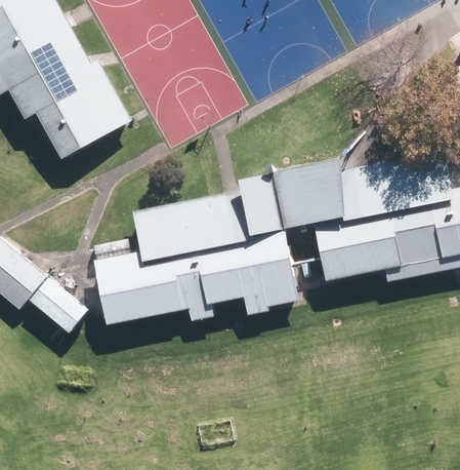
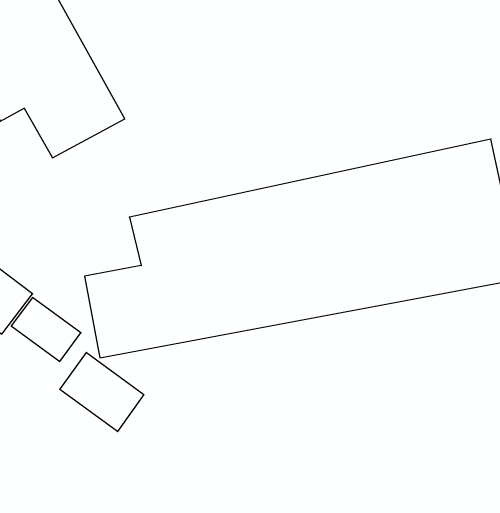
building: none -> [60,352,144,432]

